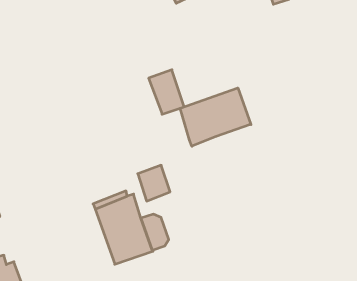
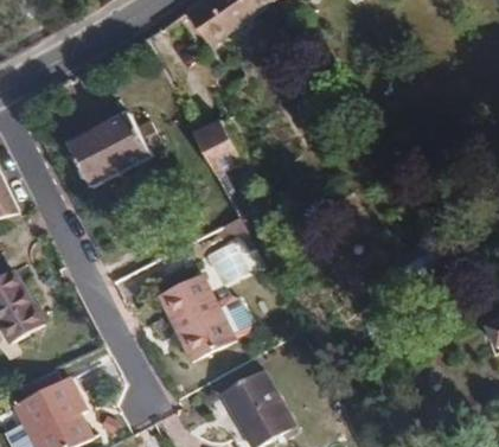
building: none -> [70,114,161,190]
building: [180,88,251,146] -> none

